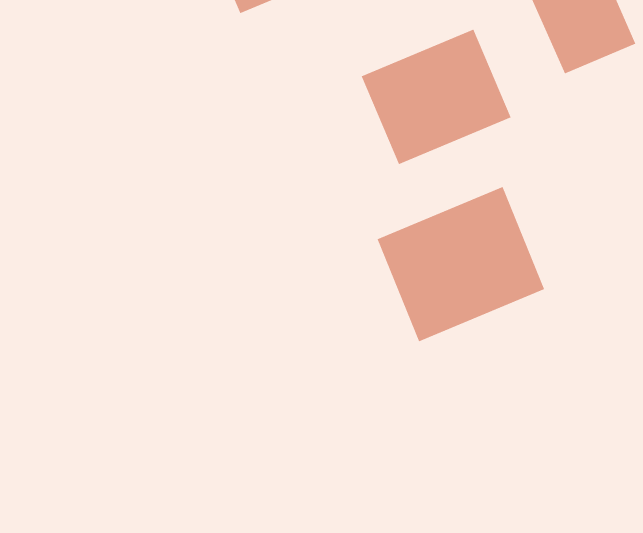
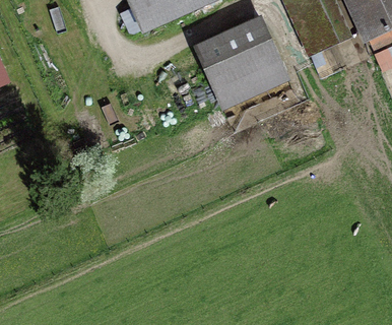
building: [377,186,545,342] -> none

